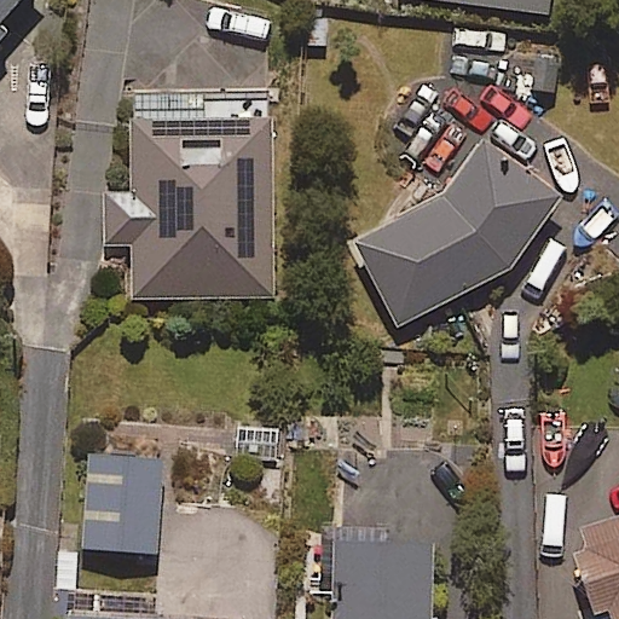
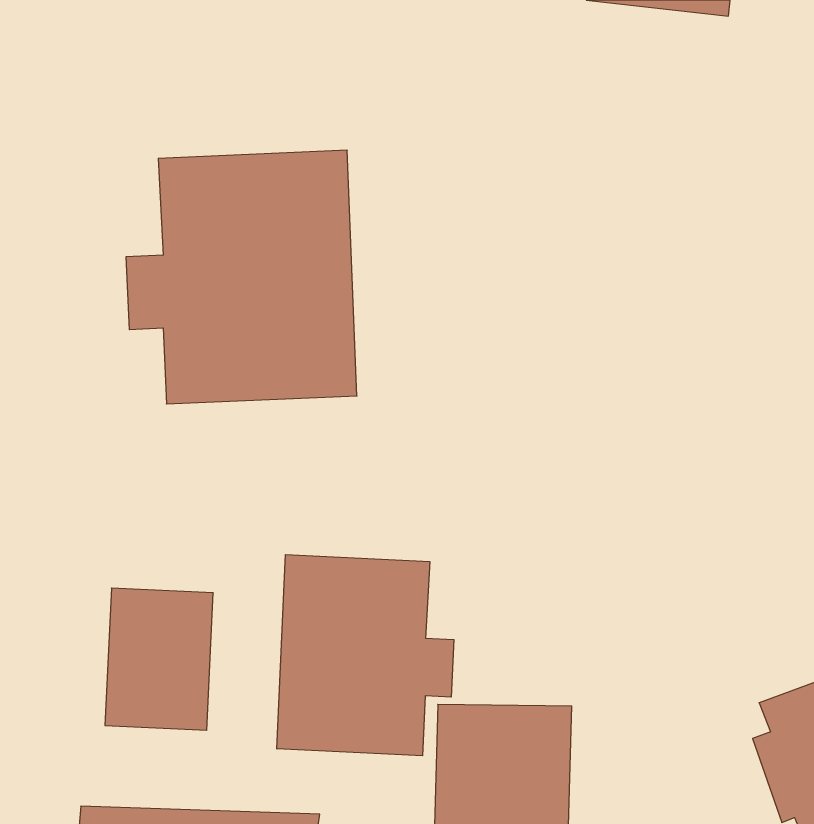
building: [354,141,559,326] -> none
building: none -> [277,555,454,756]

